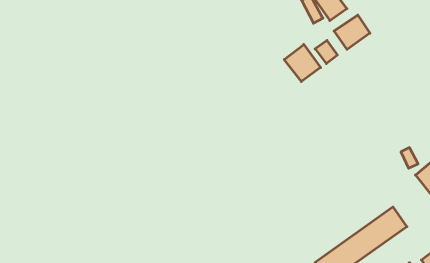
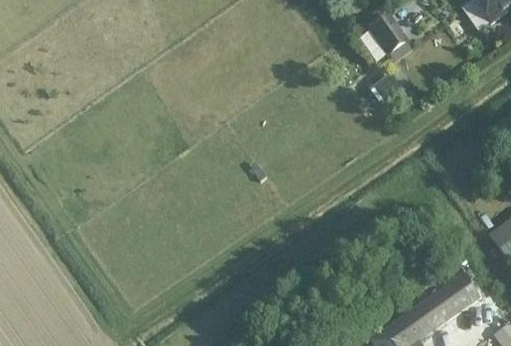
building: [334,15,370,49] -> none
building: [284,44,321,82] -> none

